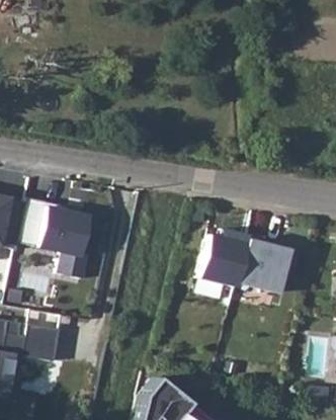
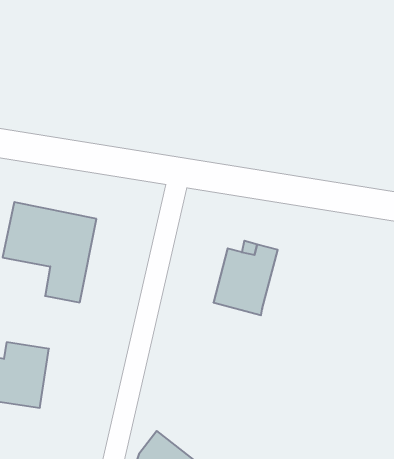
building: [230,235,282,293] -> none

